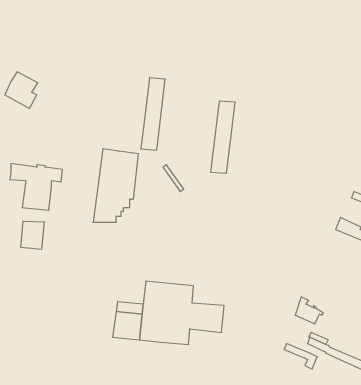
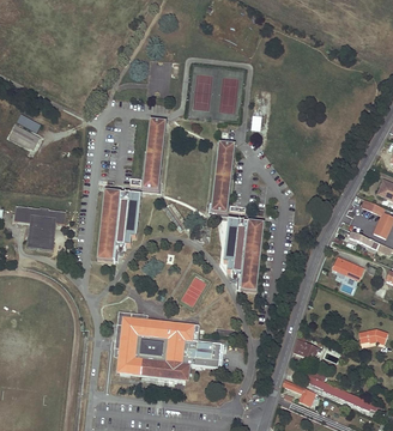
building: none -> [224,220,264,295]
building: [21,221,44,249] -> none
building: none -> [120,317,147,342]

